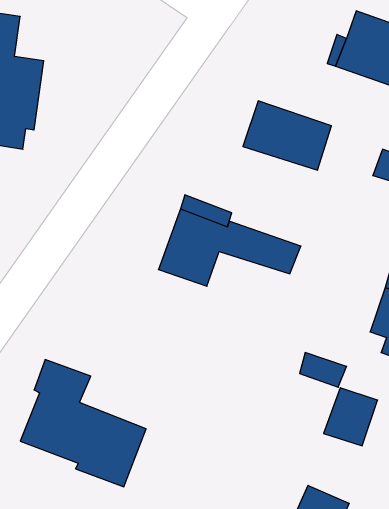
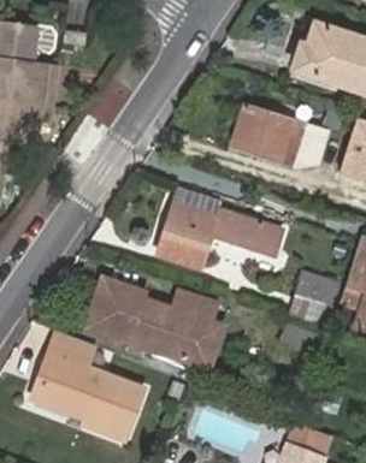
building: none -> [81,273,224,369]
building: [324,388,378,446] -> [291,269,338,320]

